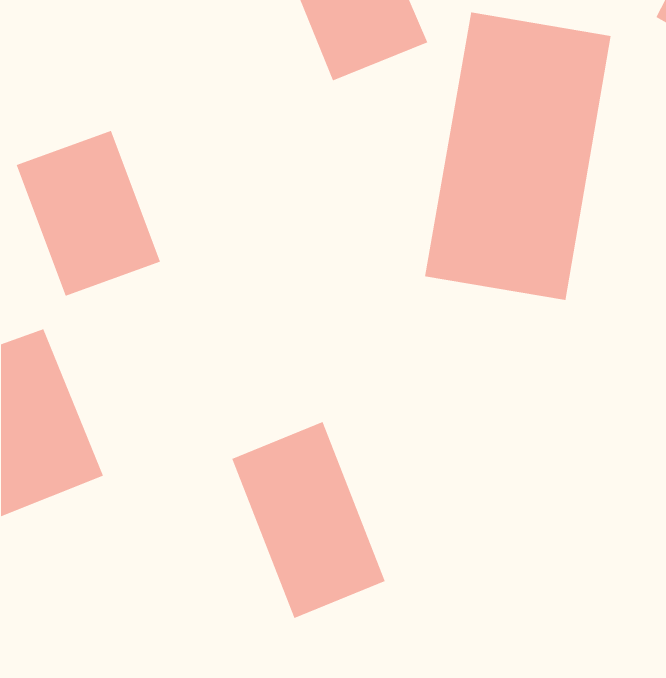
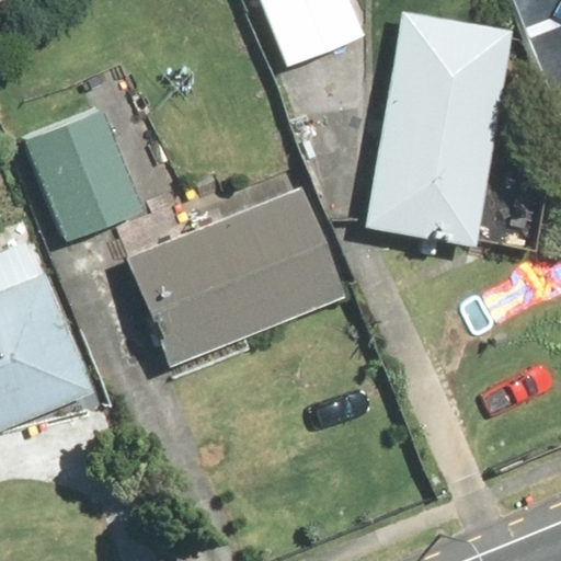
building: none -> [121,186,344,369]
building: [231,421,386,619] -> none

